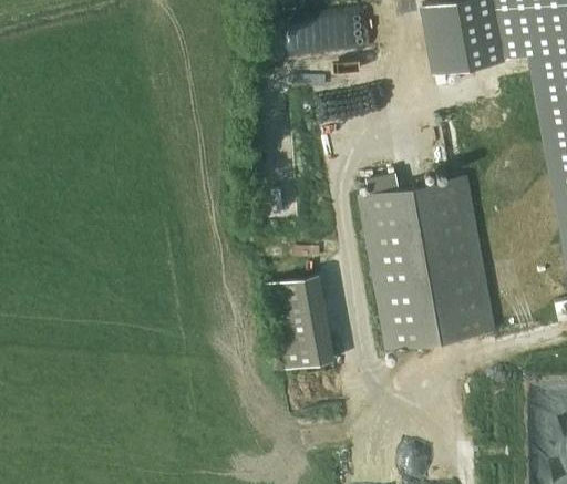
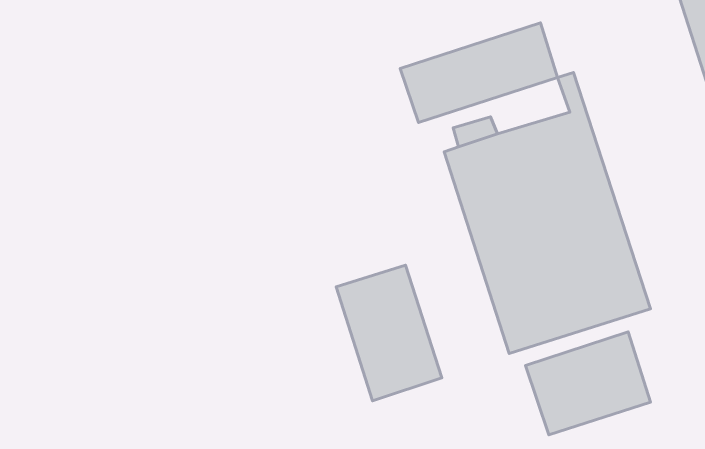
building: none -> [400,23,558,123]
building: none -> [525,332,650,435]

